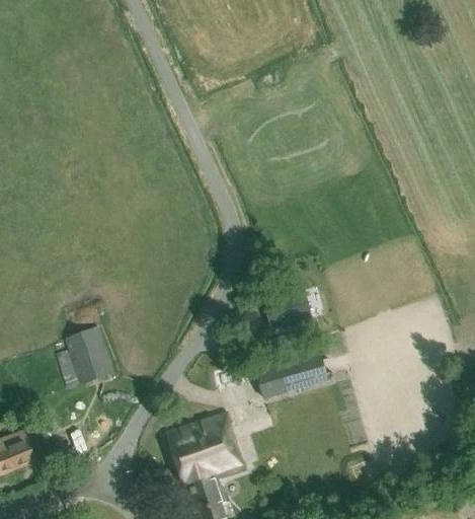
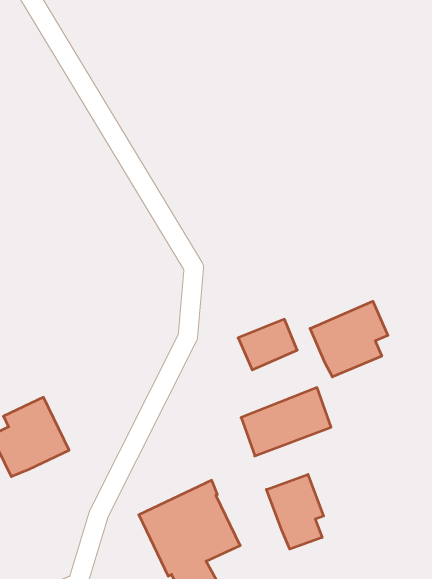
building: none -> [310,301,388,377]
building: none -> [266,474,324,549]

